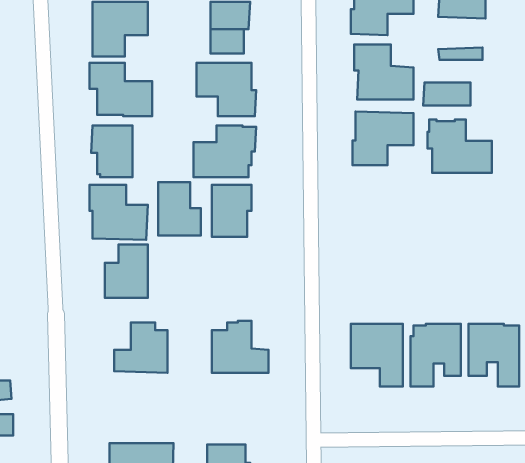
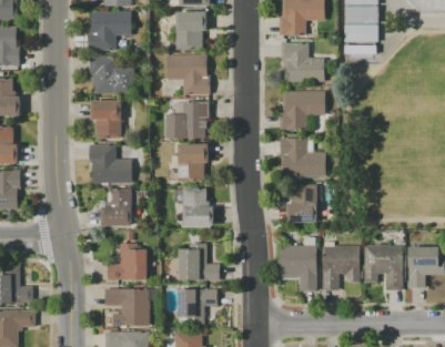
building: [423,83,471,105] -> [343,24,377,41]
building: [427,119,492,173] -> [280,137,326,176]
building: [158,182,201,236] -> [183,187,214,226]
building: none -> [287,184,317,223]
building: none -> [104,288,150,329]
building: none -> [179,289,218,326]

